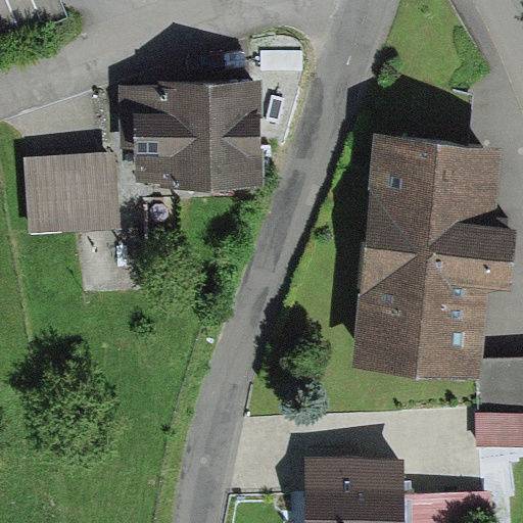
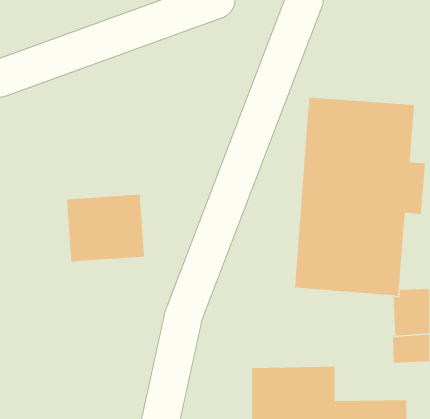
building: [116,79,264,192] -> none
building: [25,158,120,241] -> [66,194,145,262]

